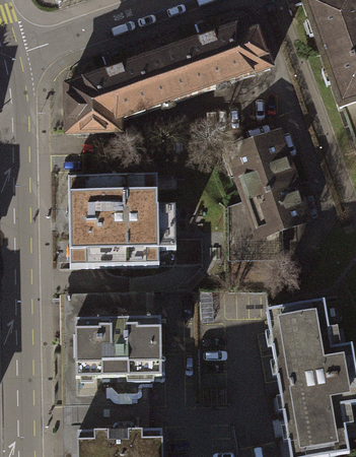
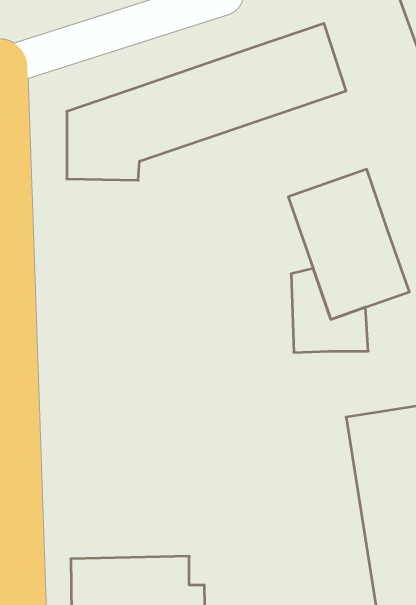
building: [69,179,202,266] -> none
building: [68,290,158,405] -> none

